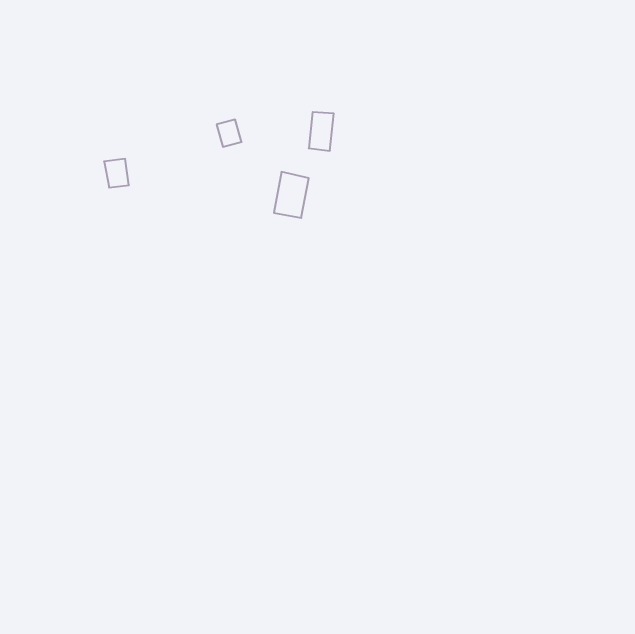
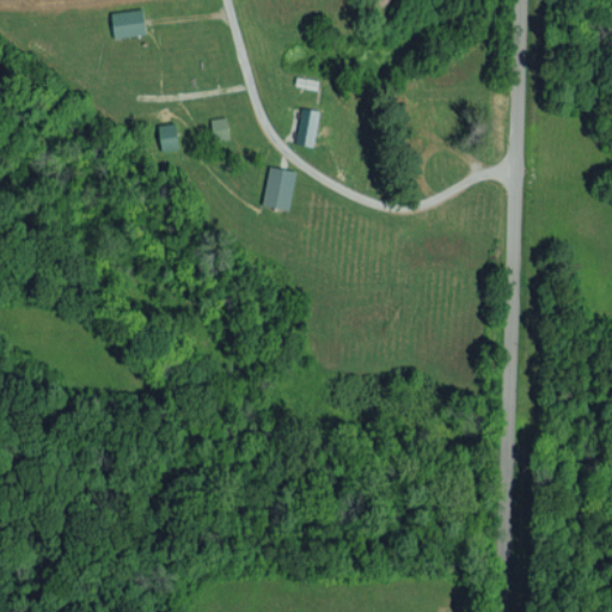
building: none -> [112,10,148,41]
building: [104,159,129,188] -> [158,124,182,152]

